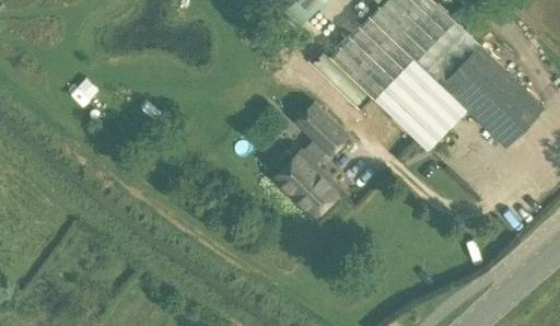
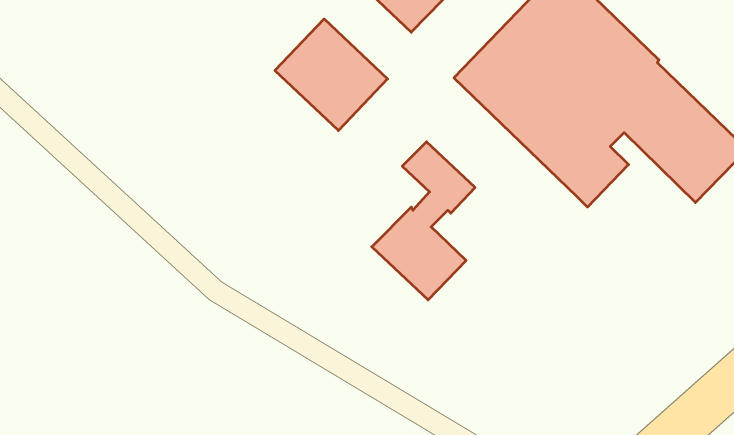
building: none -> [275,19,388,131]

